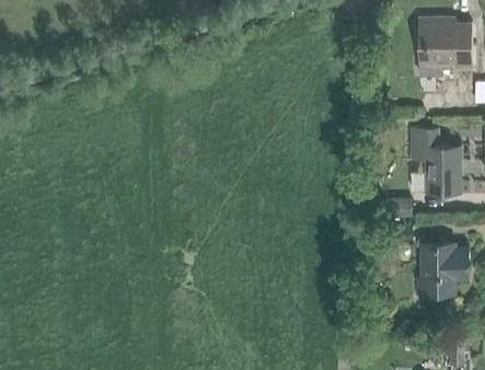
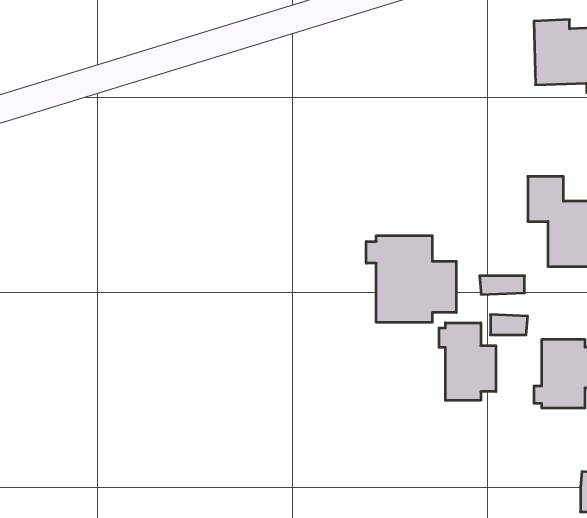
building: none -> [366,236,456,322]
building: none -> [439,323,496,400]

